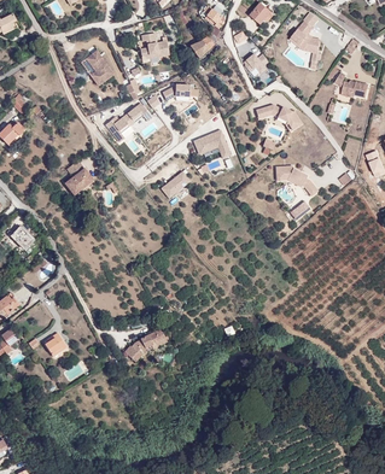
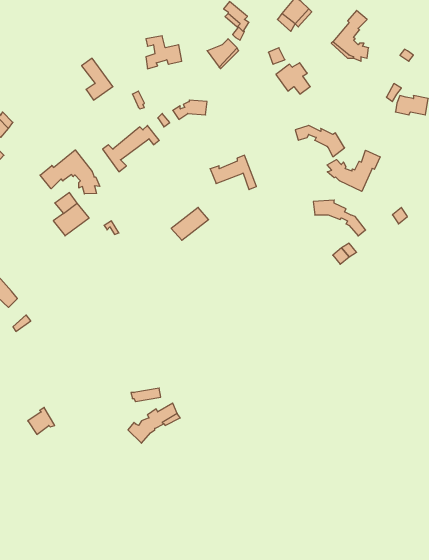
building: none -> [40,150,100,194]
building: none -> [327,150,380,191]

